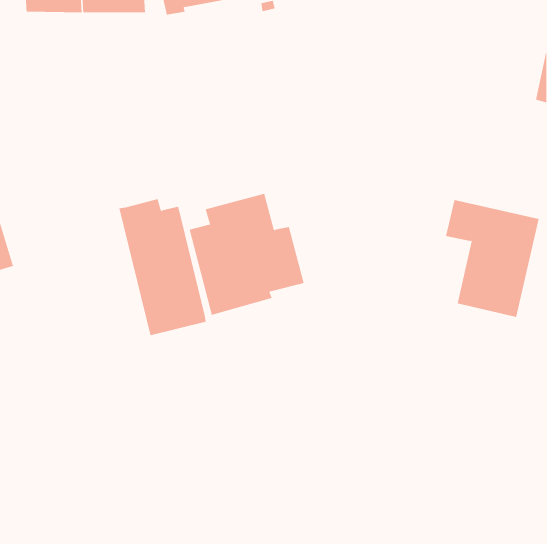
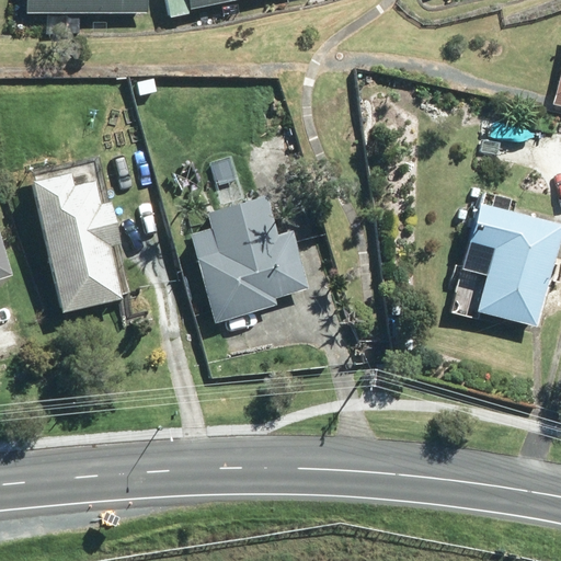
building: [119,198,207,336] -> [31,171,121,311]

